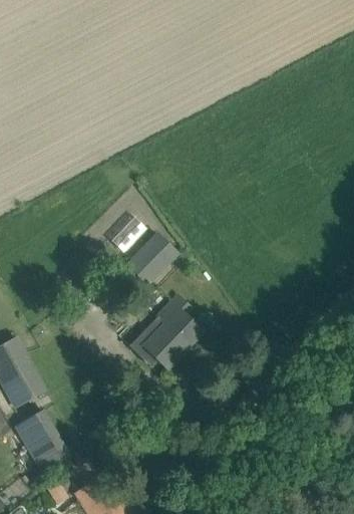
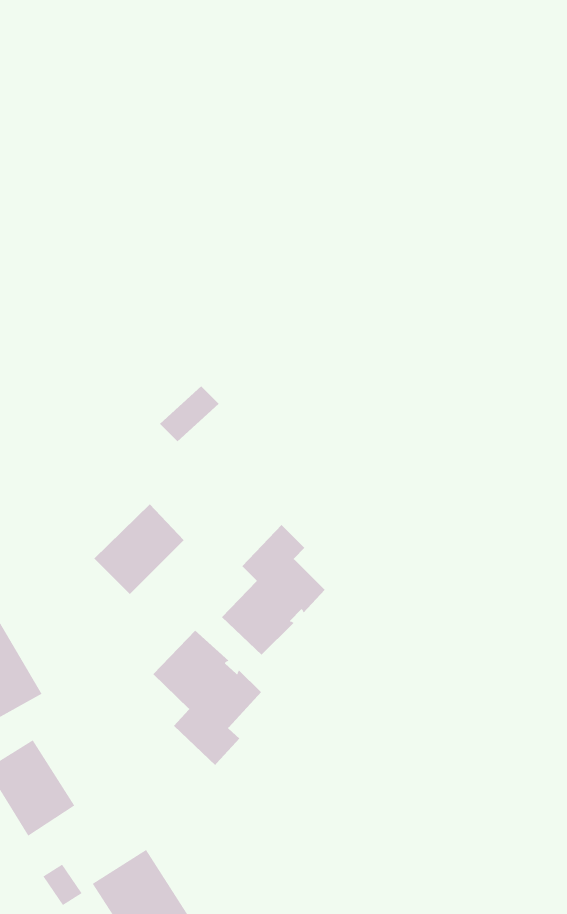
building: [125,234,175,284] -> [93,504,185,595]
building: none -> [152,630,262,766]

